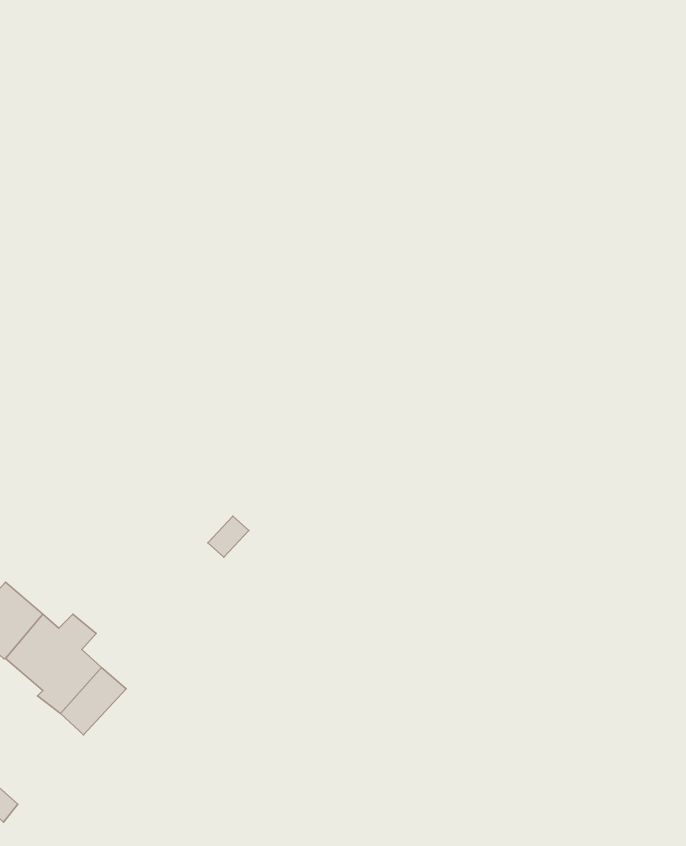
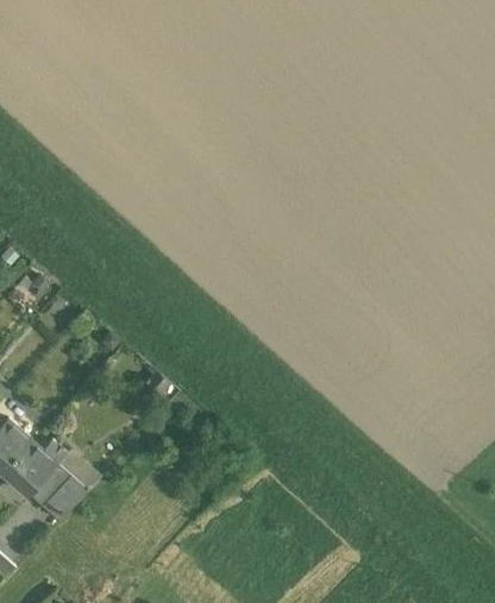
building: none -> [56,451,99,492]

